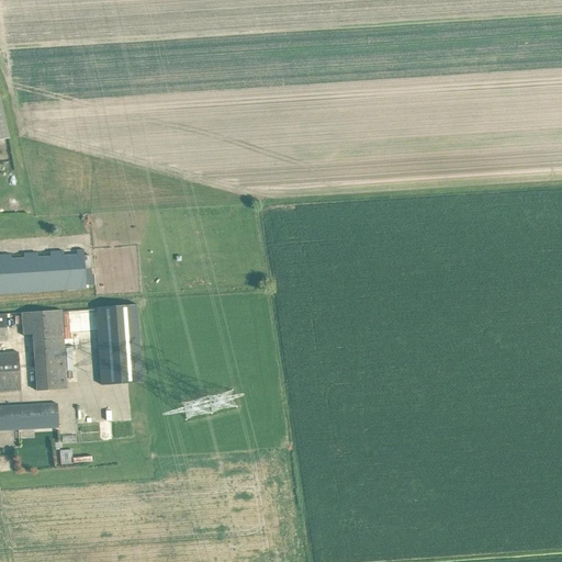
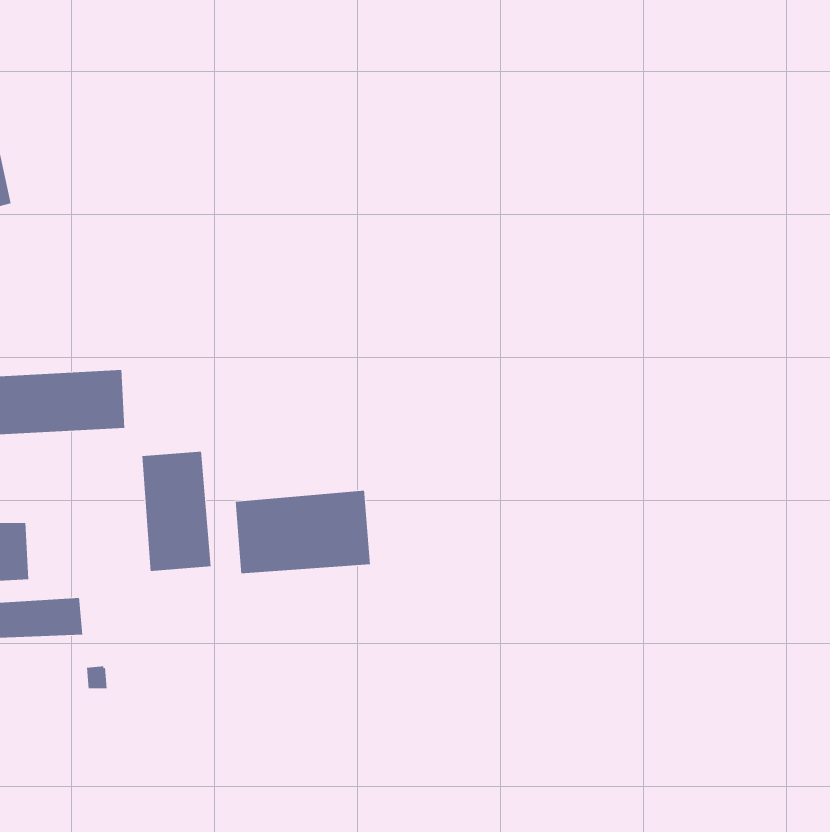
building: [20,310,67,391] -> none
building: none -> [235,490,371,574]

